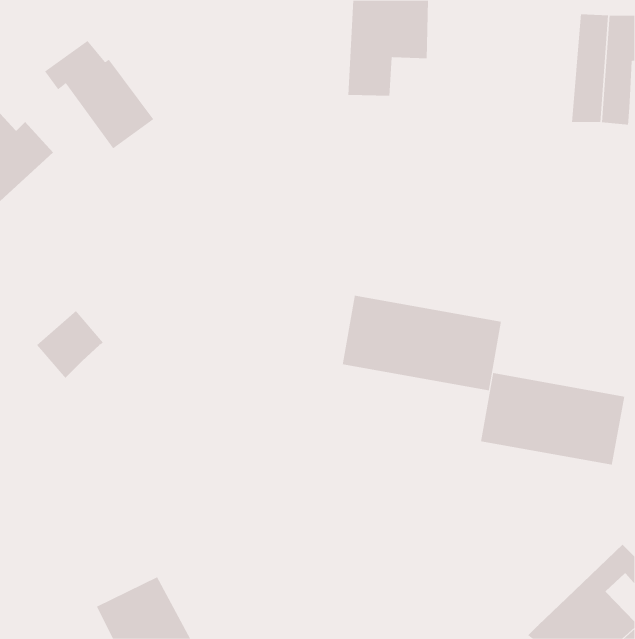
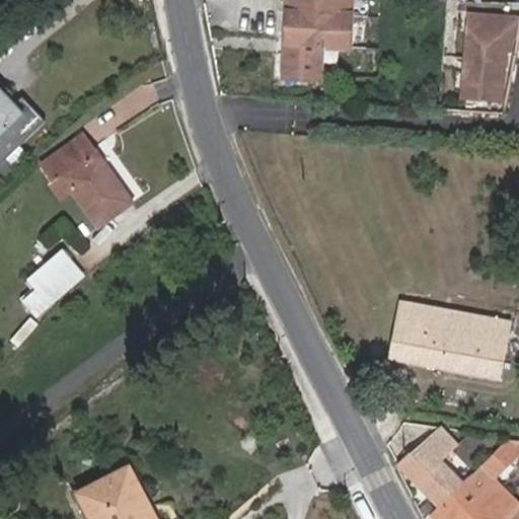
building: [44,40,154,149] -> [42,139,131,227]
building: [342,295,502,391] -> none
building: none -> [397,428,459,507]

